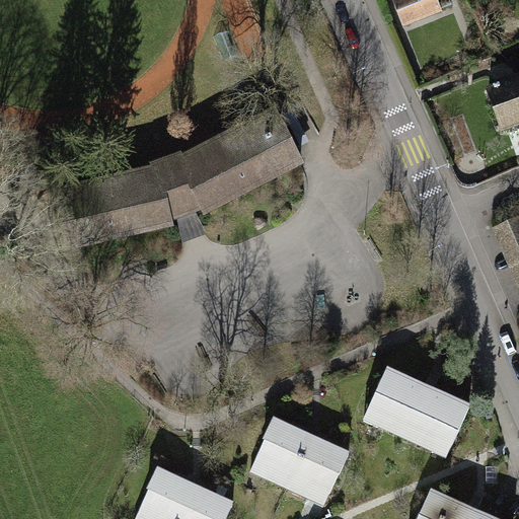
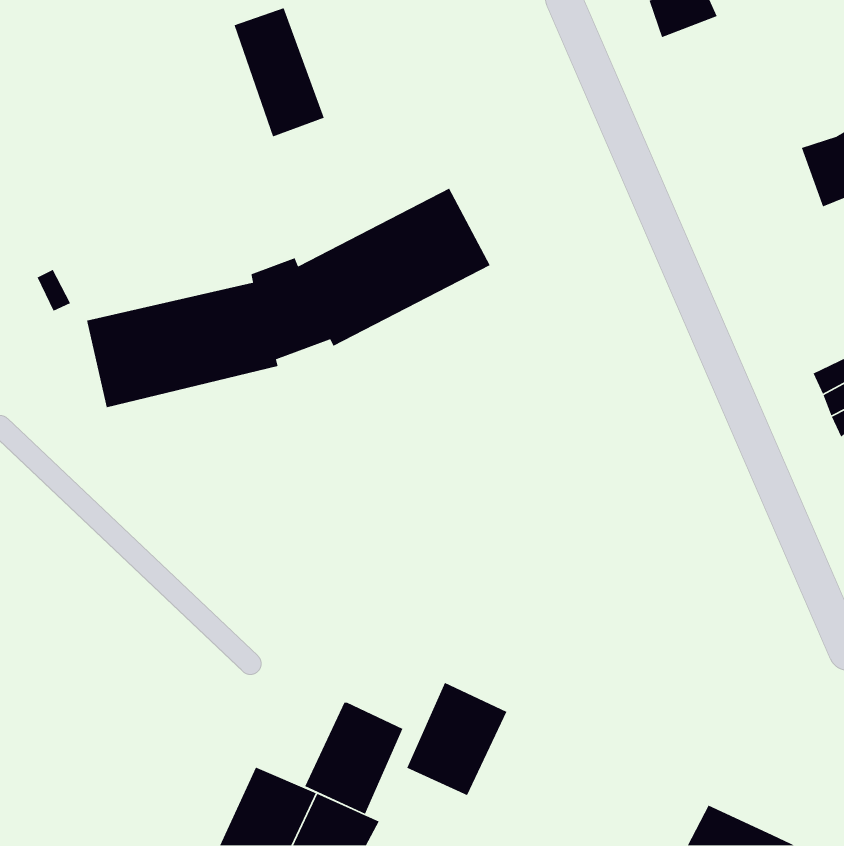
building: none -> [233,7,325,137]
building: [367,370,469,455] -> none
building: [288,435,349,504] -> [304,702,404,815]

